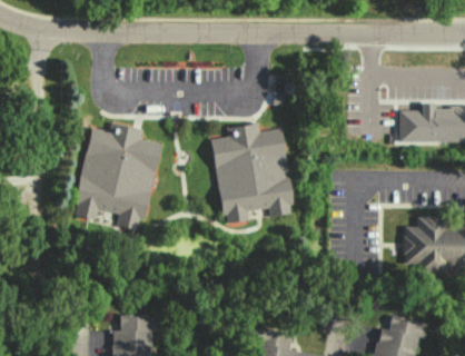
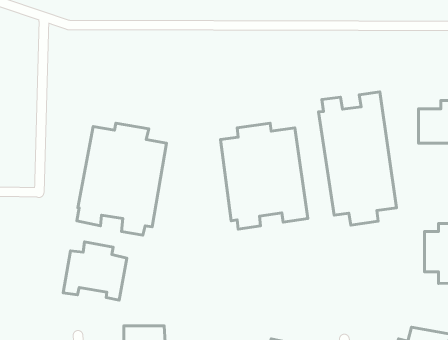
building: none -> [319,92,396,225]
building: none -> [63,242,127,300]

